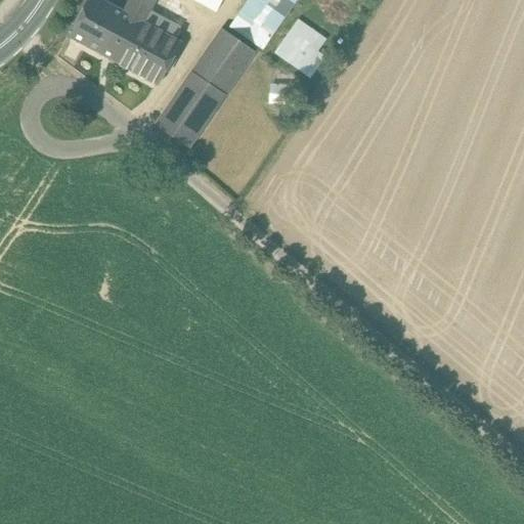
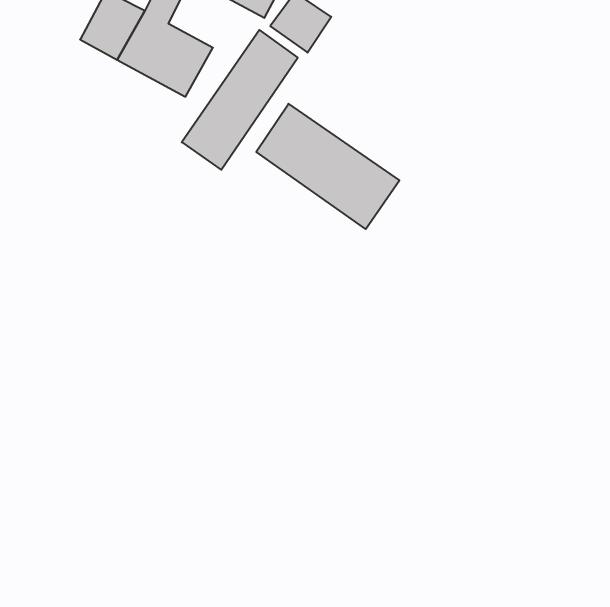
building: [275,30,326,76] -> none
building: none -> [256,104,399,229]

